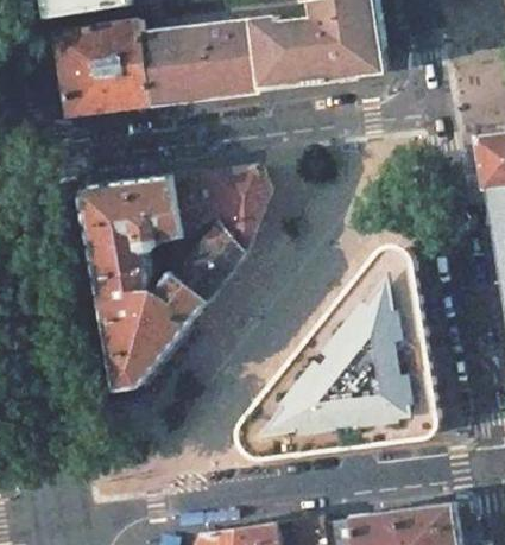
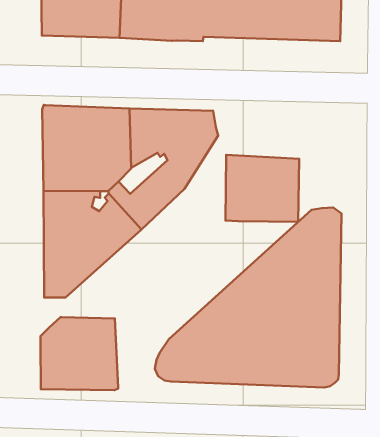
building: none -> [226,155,299,222]
building: none -> [40,317,118,390]

